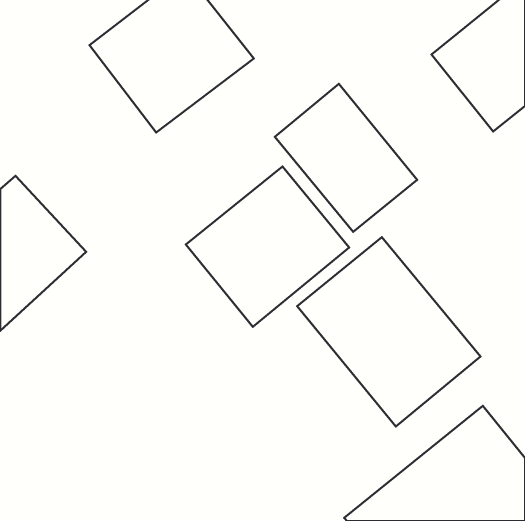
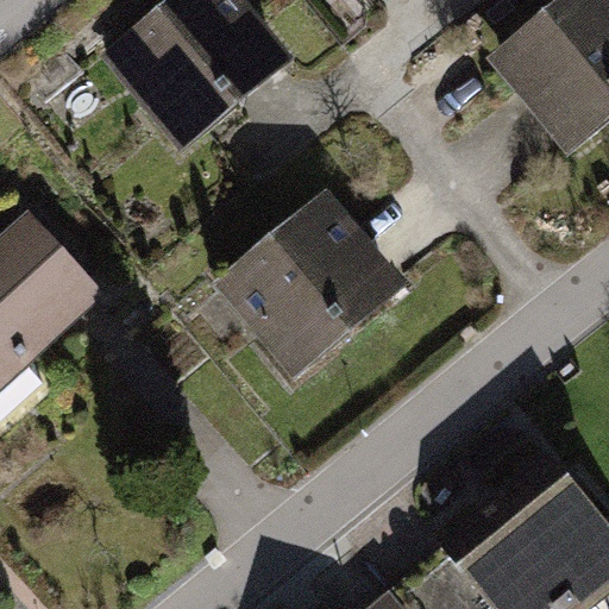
building: [275,84,417,232] -> none
building: [297,237,480,426] -> none

